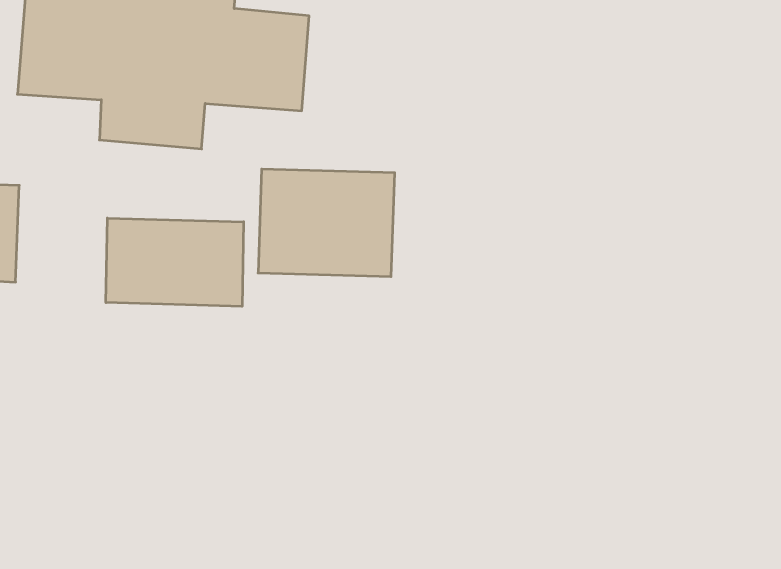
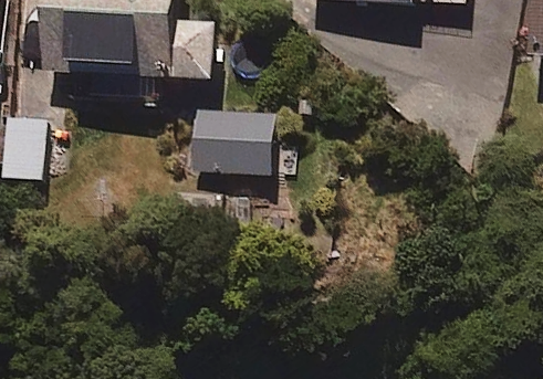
building: [106,218,244,306] -> none

